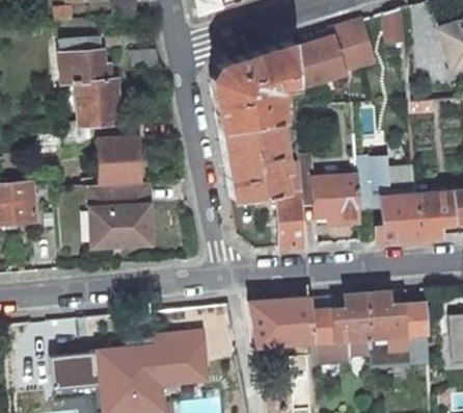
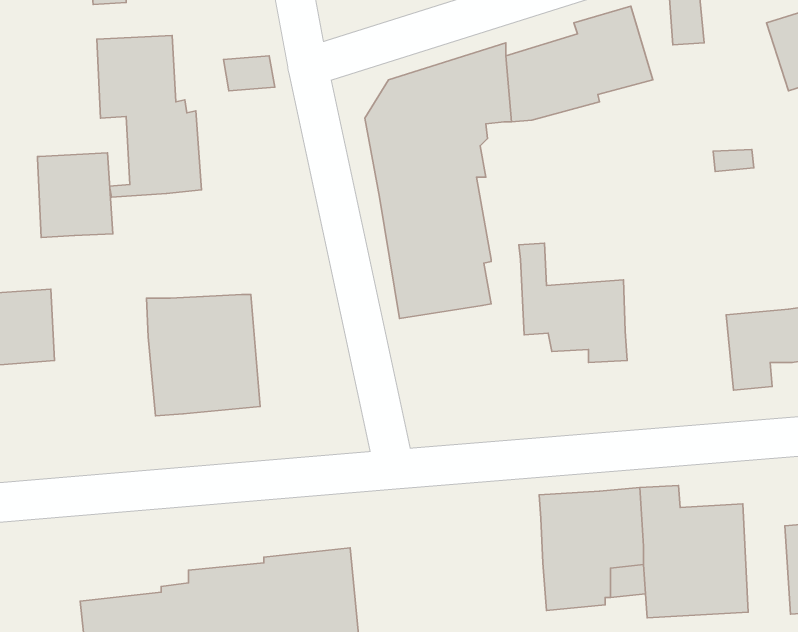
building: [100,138,142,186] -> [38,153,113,237]
building: [357,162,420,241] -> none
building: [278,164,305,249] -> none
building: [250,298,312,345] -> none

